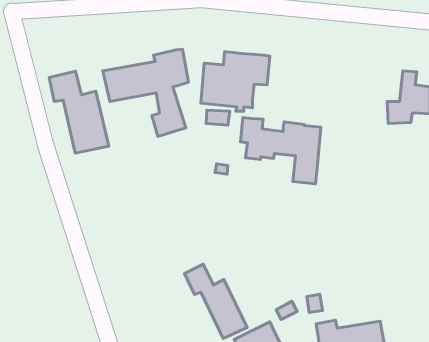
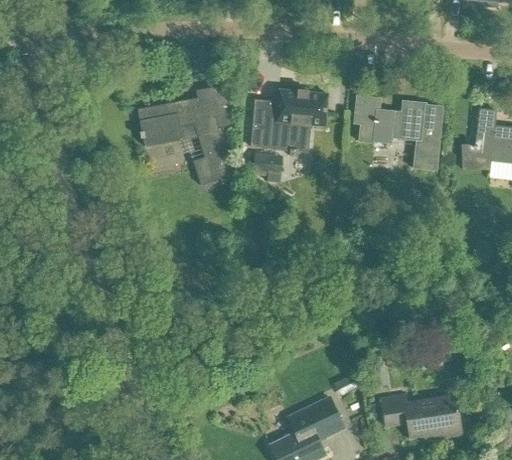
building: [49,71,109,153] -> none
building: [240,118,321,184] -> [353,96,445,172]
building: [185,264,247,338] -> none

